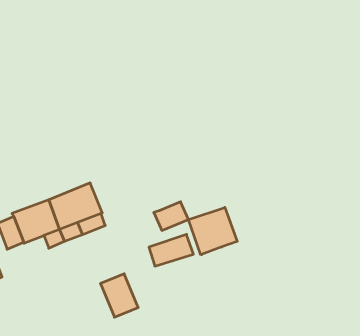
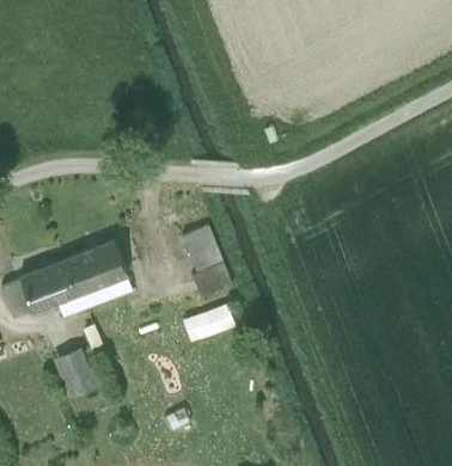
building: none -> [182,229,221,274]
building: [189,207,237,255] -> none
building: [100,274,138,317] -> [54,347,99,399]

